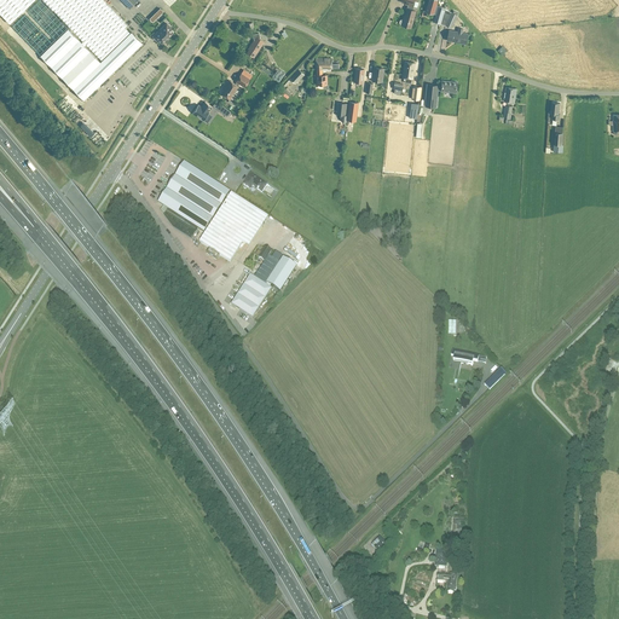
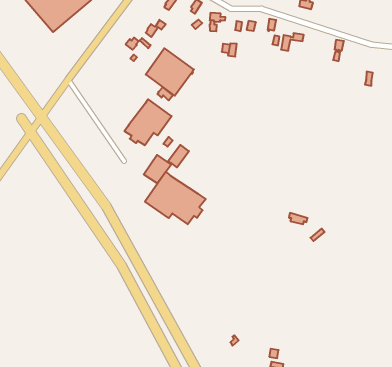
building: [157,161,228,231] -> [146,48,194,96]
building: none -> [145,172,206,224]

